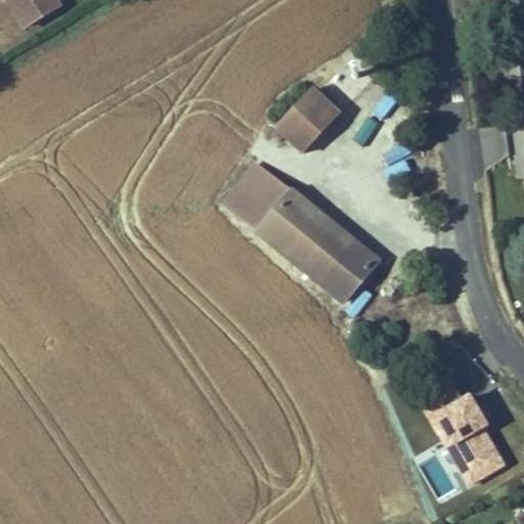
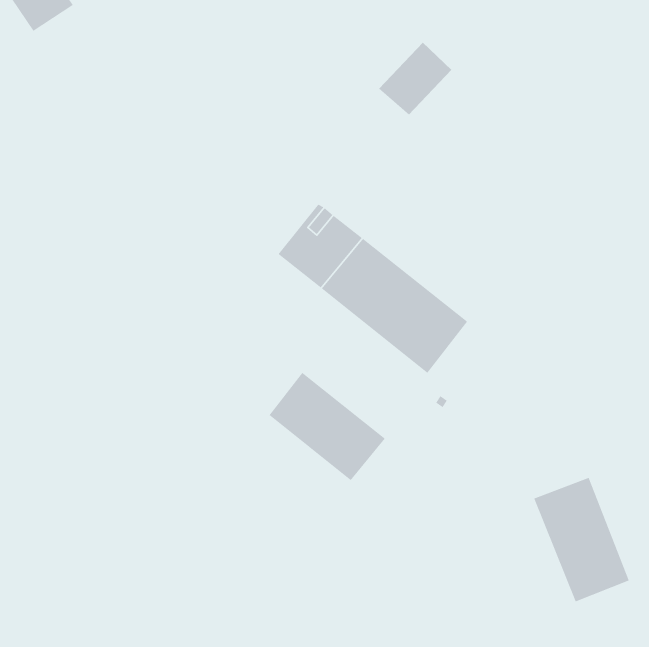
building: [277,88,337,147] -> [378,42,452,115]
building: none -> [269,372,386,481]

